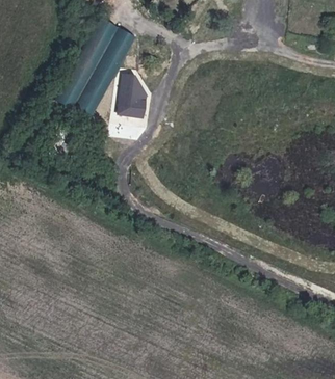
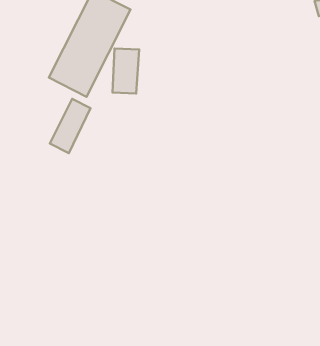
building: none -> [50,99,91,153]

